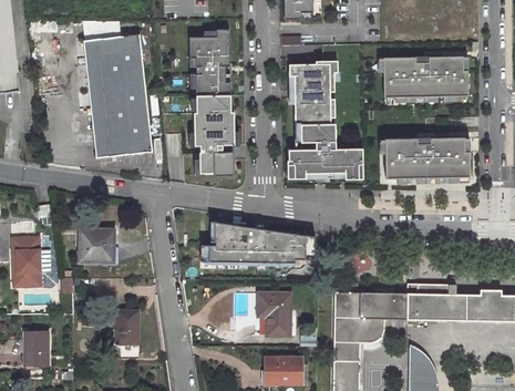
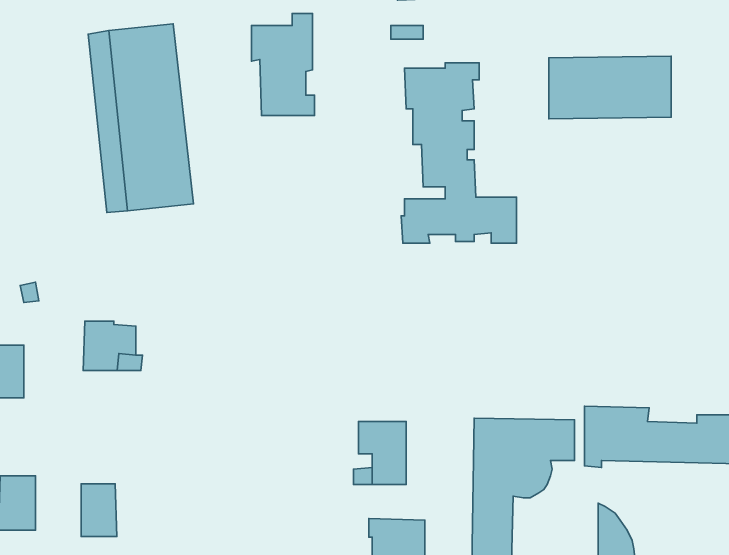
building: [194,95,234,175] -> none
building: [384,138,468,179] -> none
building: [210,218,318,258] -> none
building: [116,310,140,344] -> [81,484,117,536]

